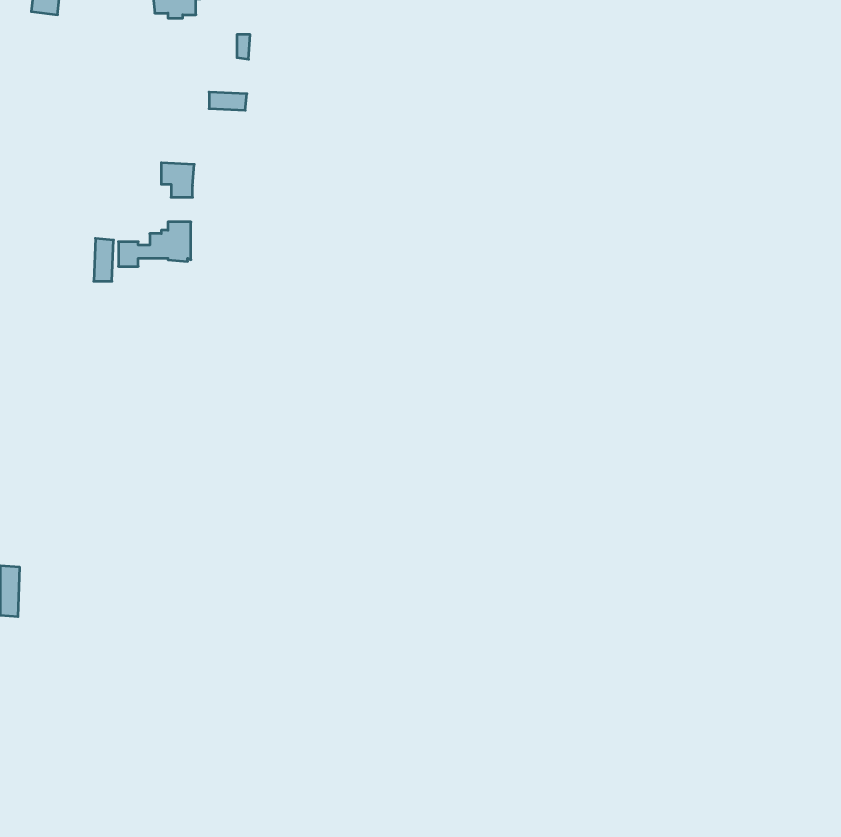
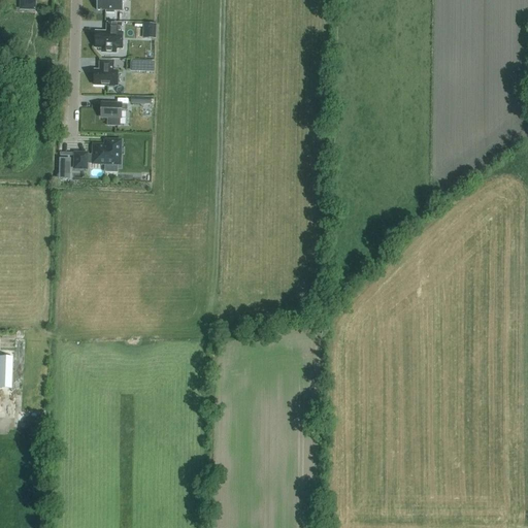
building: none -> [95,22,123,51]
building: none -> [94,59,118,87]

